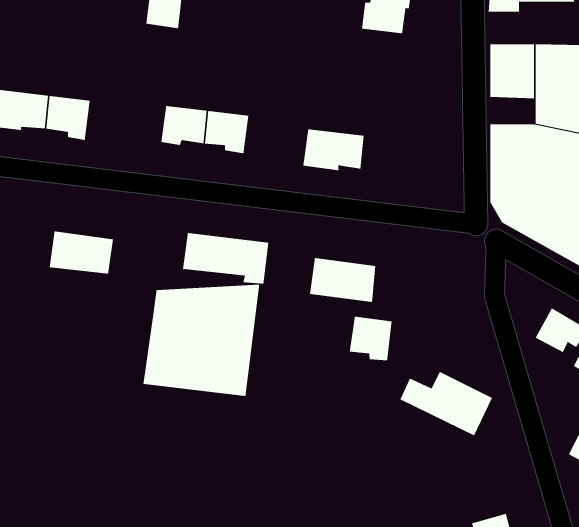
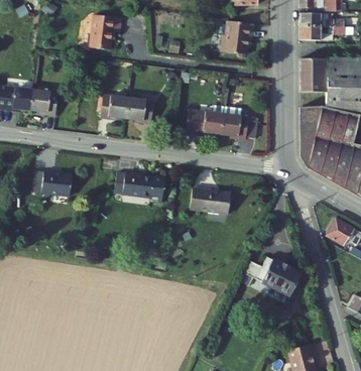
building: none -> [222,107,259,140]
building: [143,284,260,397] -> none
building: [349,316,392,361] -> none

